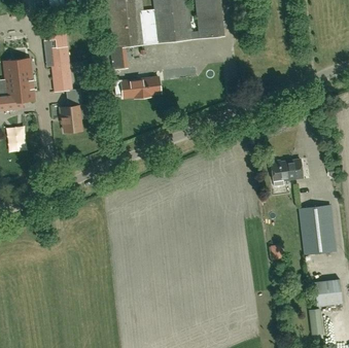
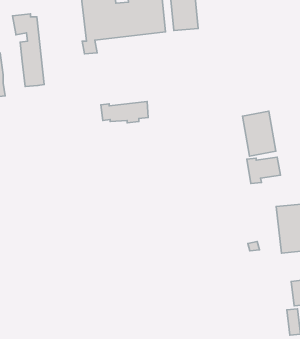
building: [114,77,161,98] -> [101,102,148,123]
building: [60,106,81,132] -> none
building: none -> [243,111,276,156]

